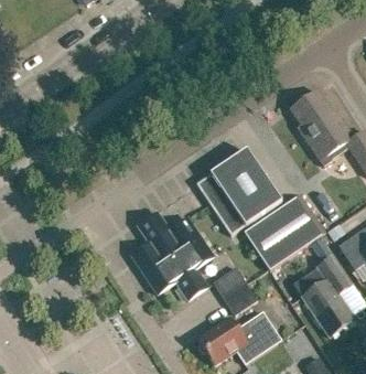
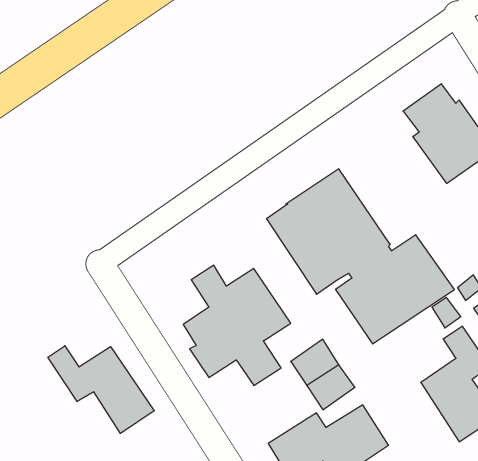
building: none -> [48,346,154,433]

